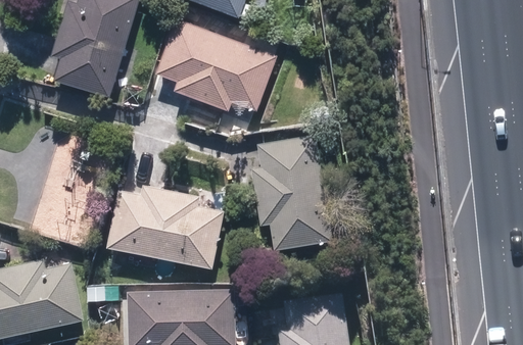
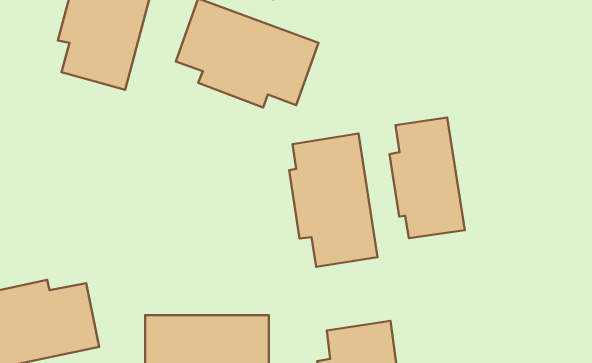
building: none -> [390,117,465,238]
building: [105,183,223,268] -> none

